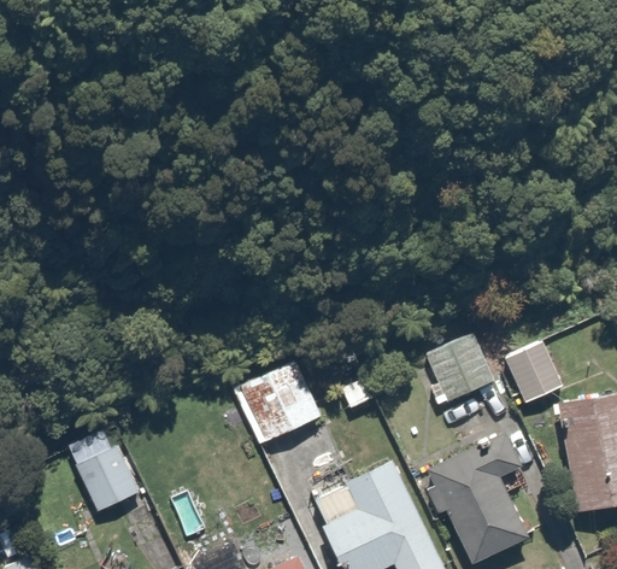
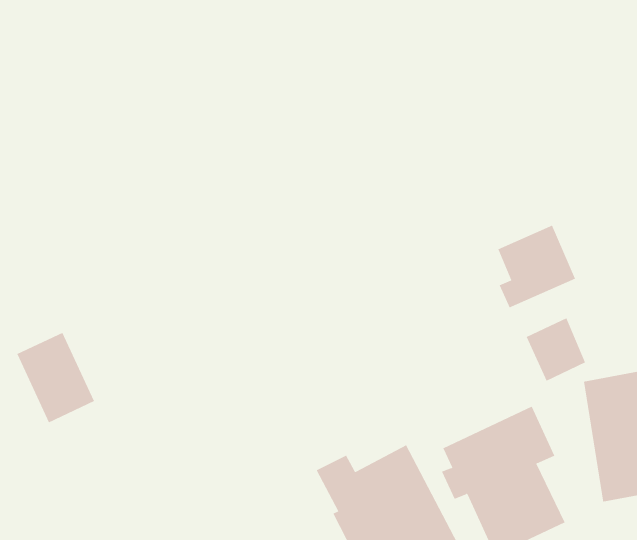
building: [424,330,498,409] -> [498,225,576,308]
building: [234,363,323,450] -> none
building: [66,427,140,512] -> [17,332,95,423]

